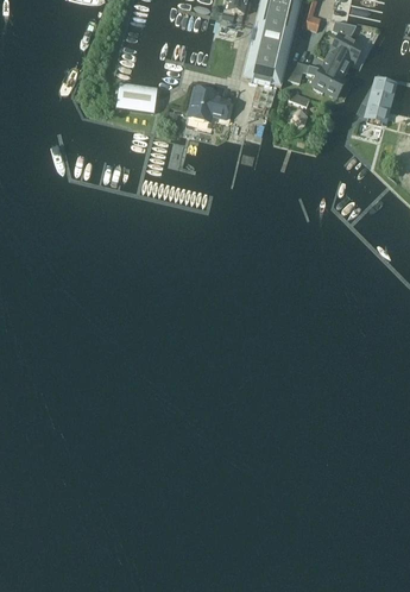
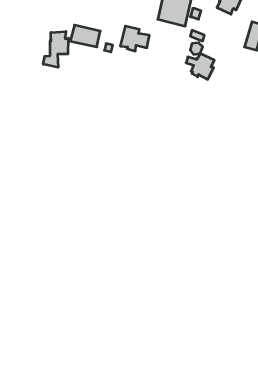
building: [308,58,348,95] -> [186,54,214,79]
building: none -> [43,31,68,67]

